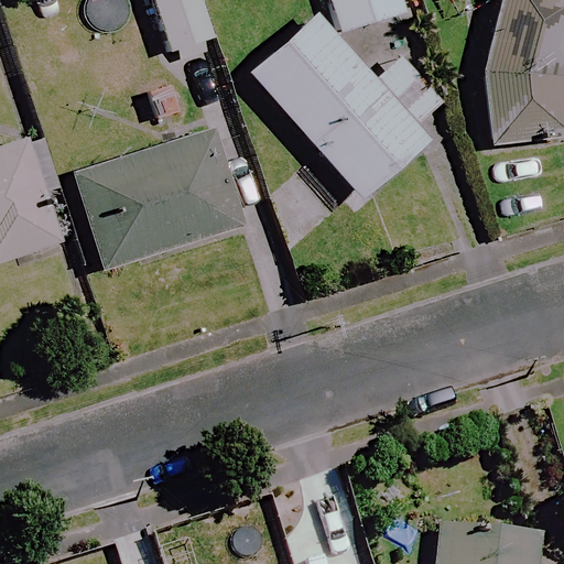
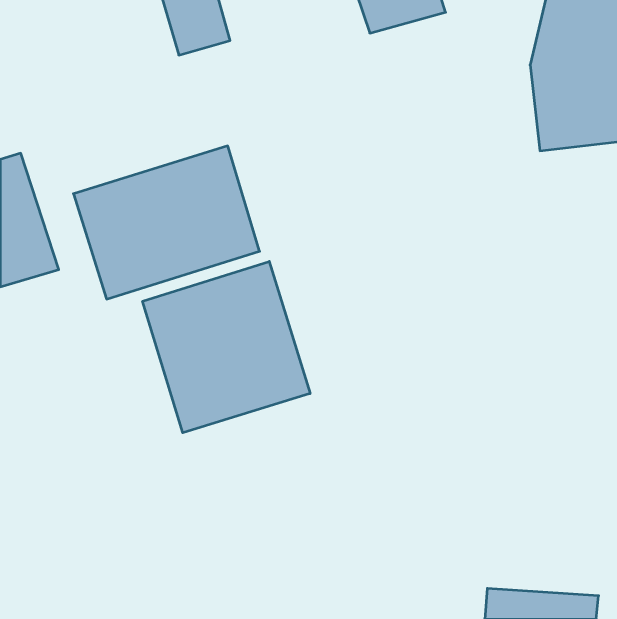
building: [250,14,441,198] -> none
building: none -> [143,261,310,433]

